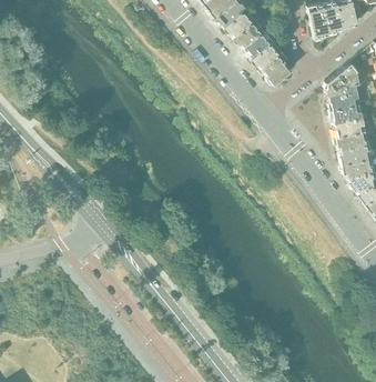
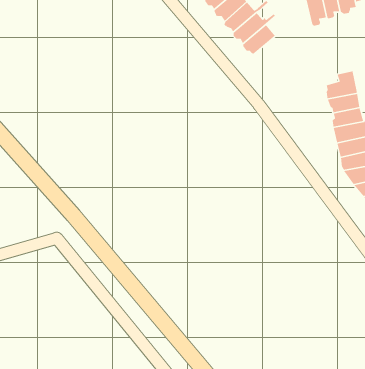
building: [258,52,291,86] -> none
building: [325,64,358,98] -> none

